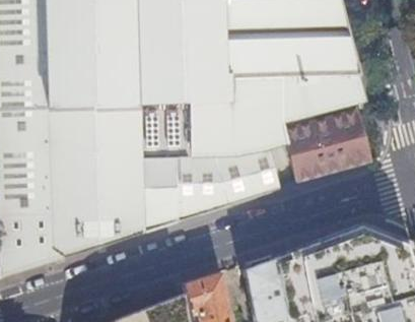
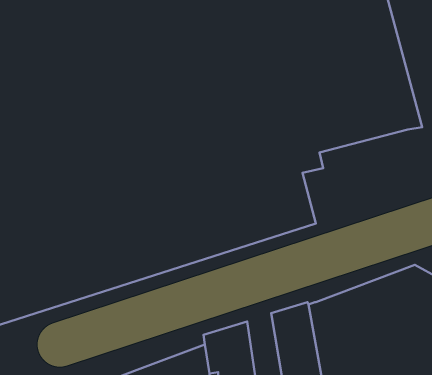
building: [281,112,369,182] -> none

